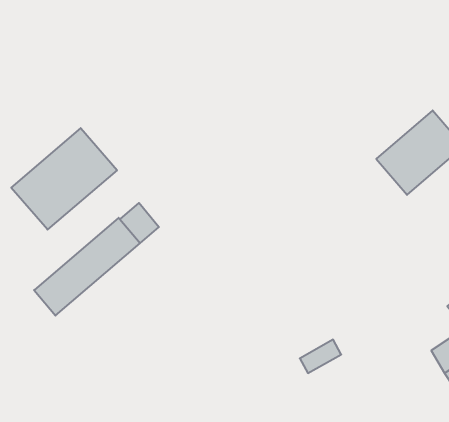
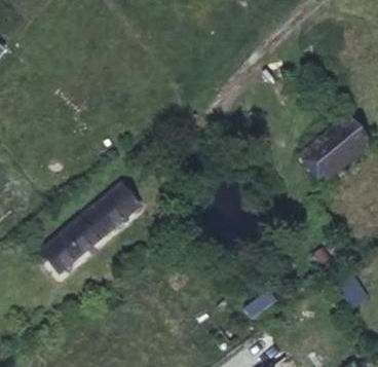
building: [11,128,117,230] -> none

